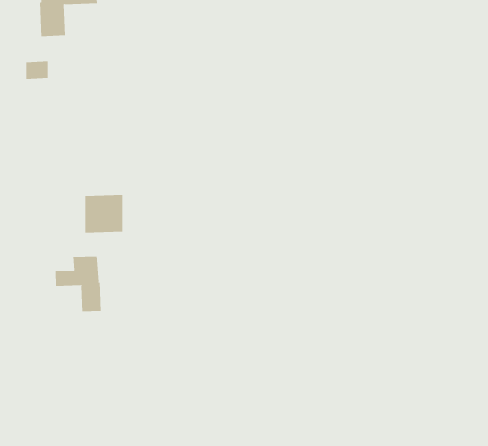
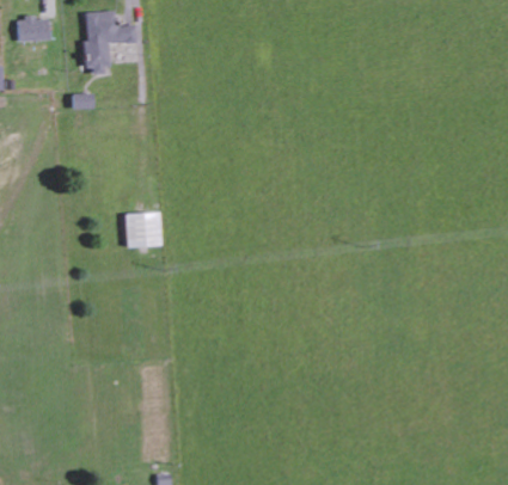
building: [55,256,101,312] -> none

